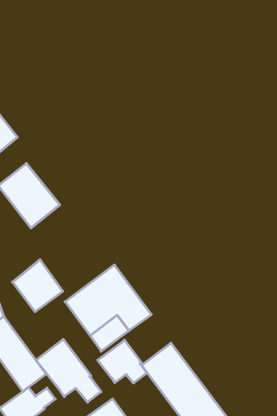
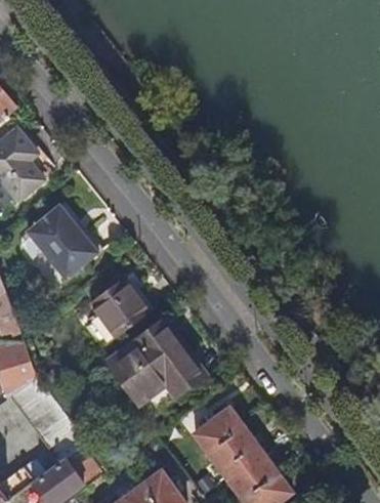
building: [12,260,63,312] -> [90,278,147,337]
building: [36,339,101,402] -> none
building: [98,340,147,383] -> none

